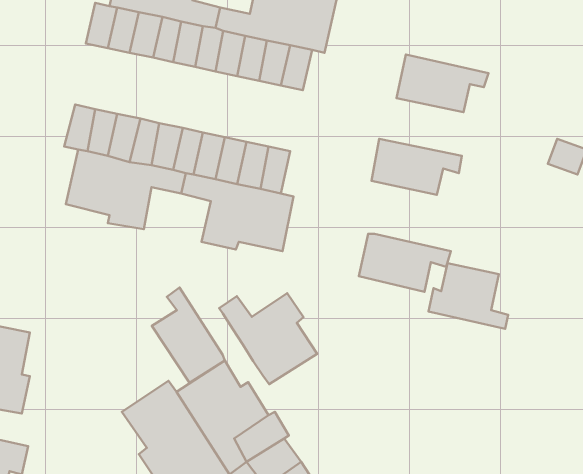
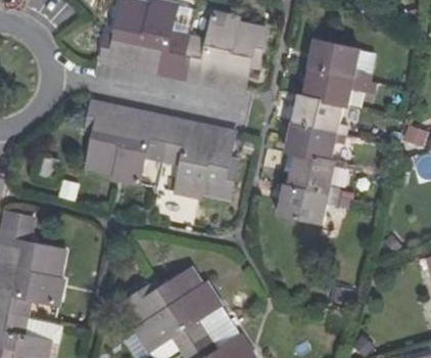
building: none -> [309,39,366,80]
building: none -> [292,95,348,134]
building: [429,263,508,329] -> [289,153,341,196]
building: [152,287,225,383] -> none
building: [219,293,317,384] -> none

